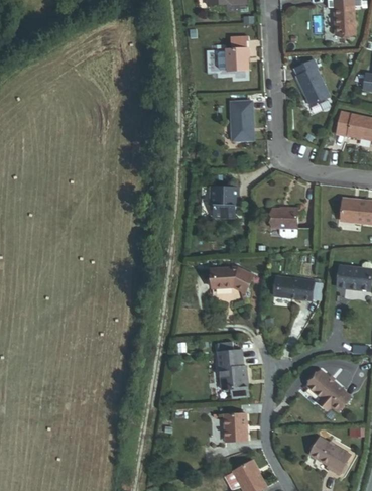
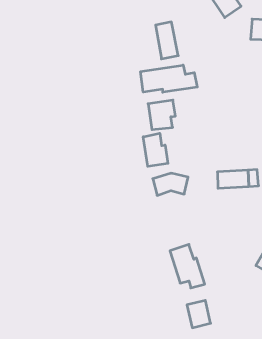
building: none -> [141,65,197,92]
building: [274,209,299,229] -> none
building: none -> [143,133,168,166]

